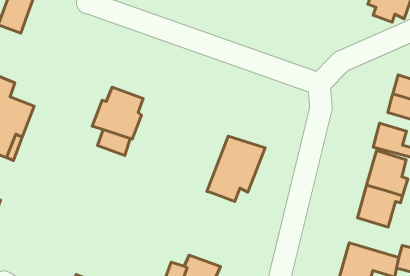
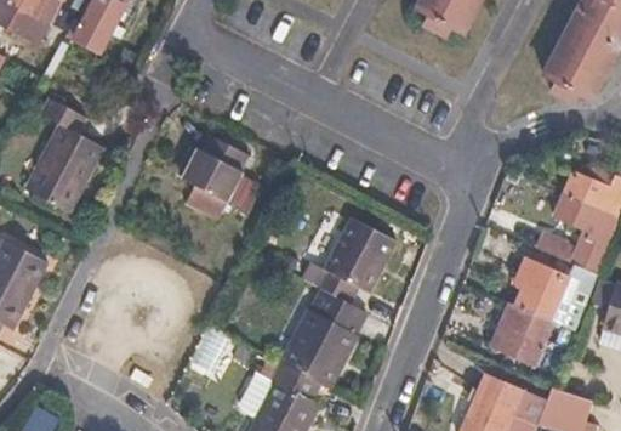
building: none -> [277,288,359,387]

